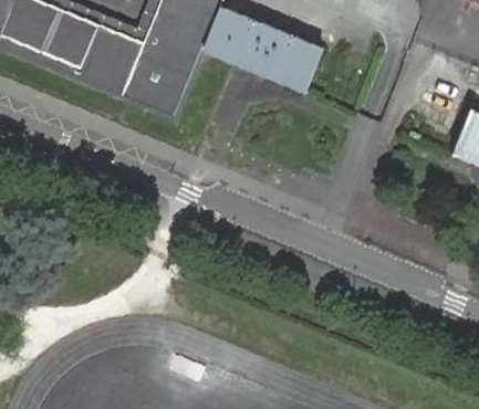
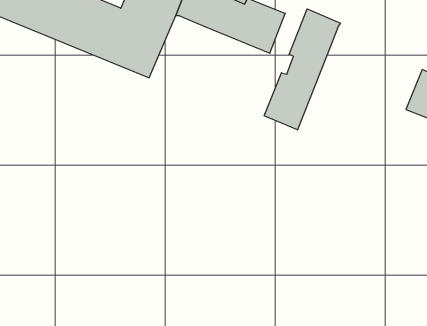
building: none -> [264,9,341,130]

